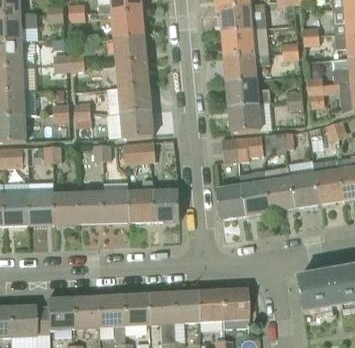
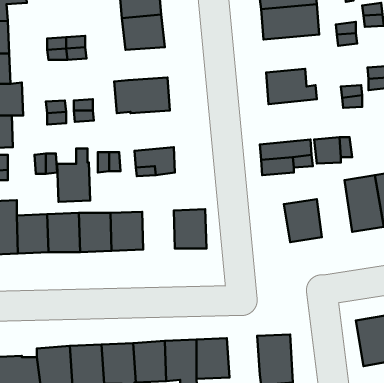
building: [224,51,269,81] -> none
building: [115,61,148,87] -> none
building: [228,102,271,131] -> none
building: [119,111,152,137] -> none
building: [264,166,294,211] -> none
building: [128,179,154,221] -> [57,149,90,202]
building: [215,185,245,219] -> none
building: [195,289,221,322] -> none

